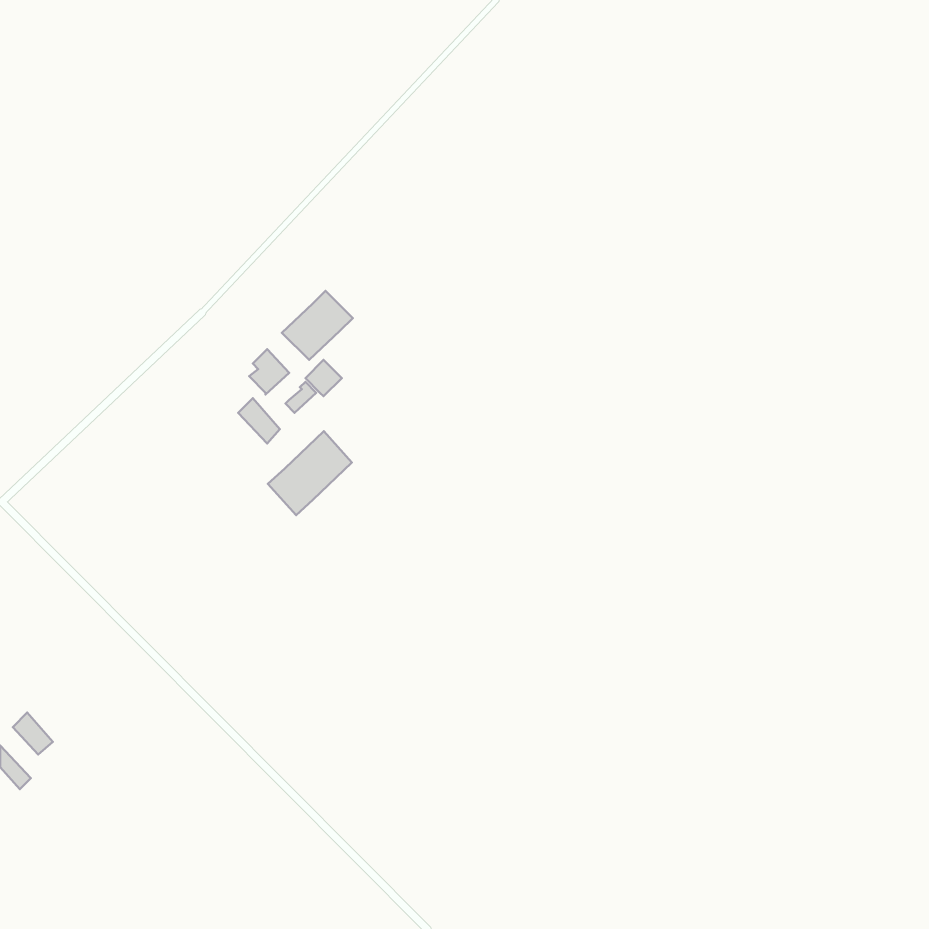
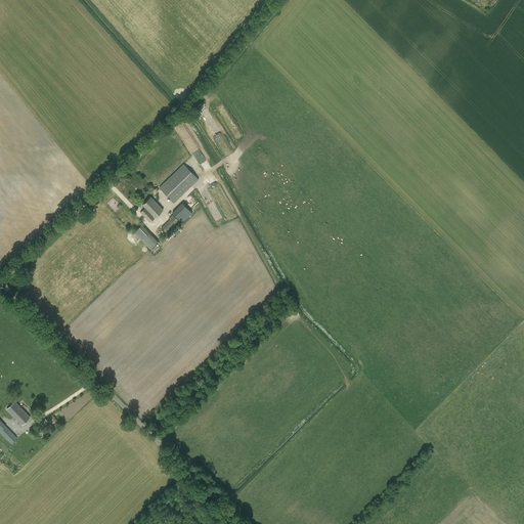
building: [268,431,352,515] -> none

